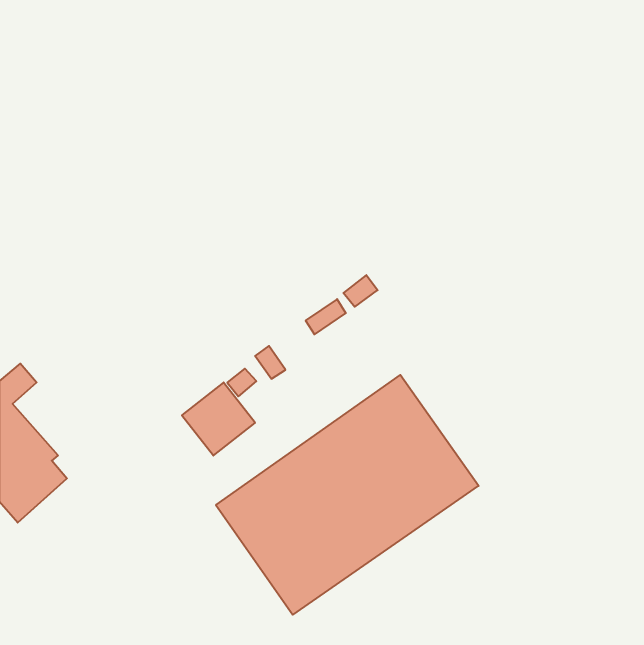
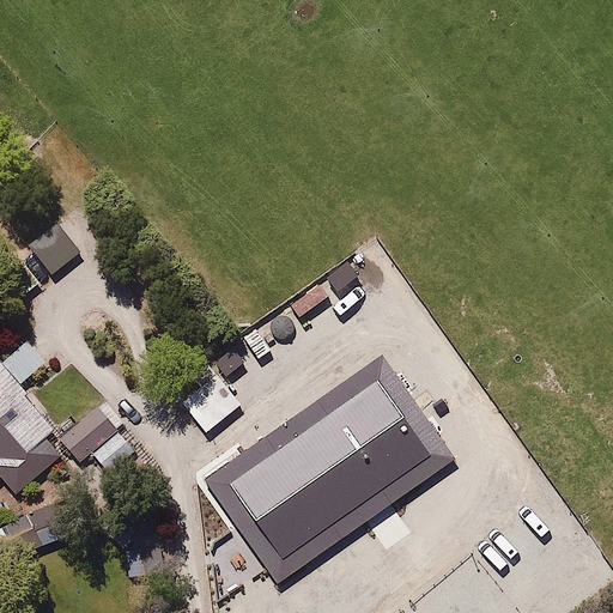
building: none -> [28,227,78,277]
building: none -> [59,409,131,474]

